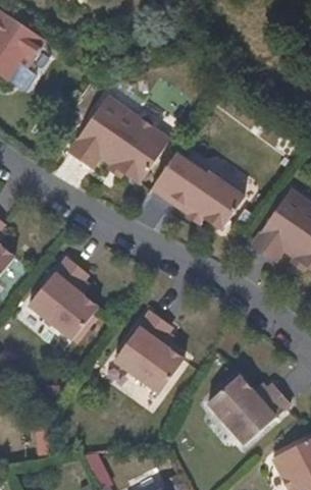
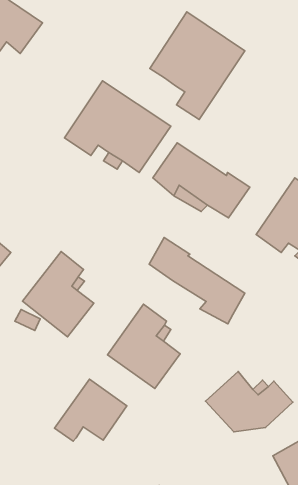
building: none -> [150,12,245,119]
building: none -> [149,238,245,324]
building: none -> [54,379,127,441]

